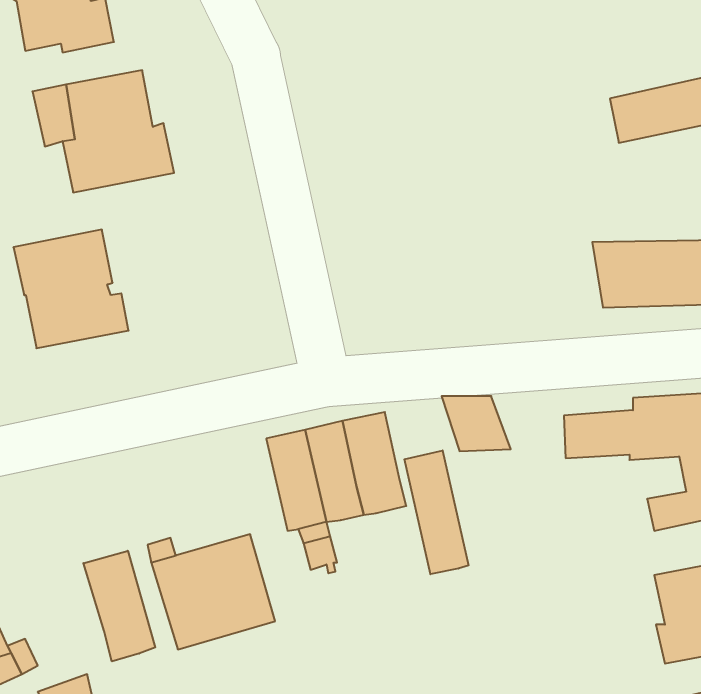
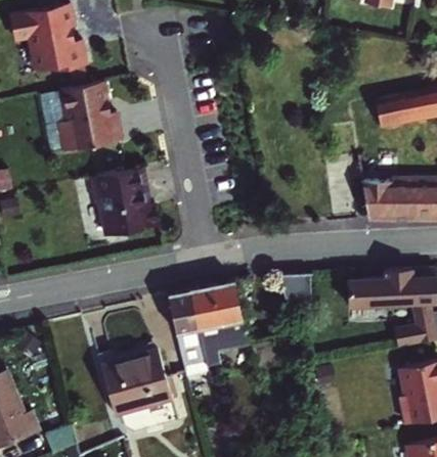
building: [13,230,129,348] -> [91,169,158,237]
building: [404,450,469,574] -> none
building: [83,551,155,661] -> none

